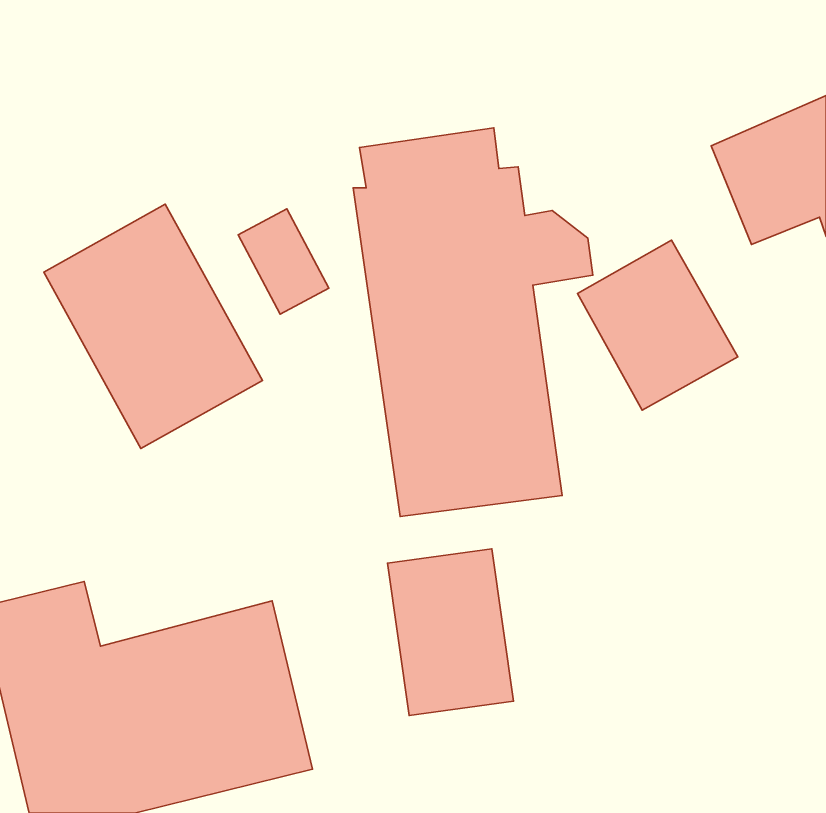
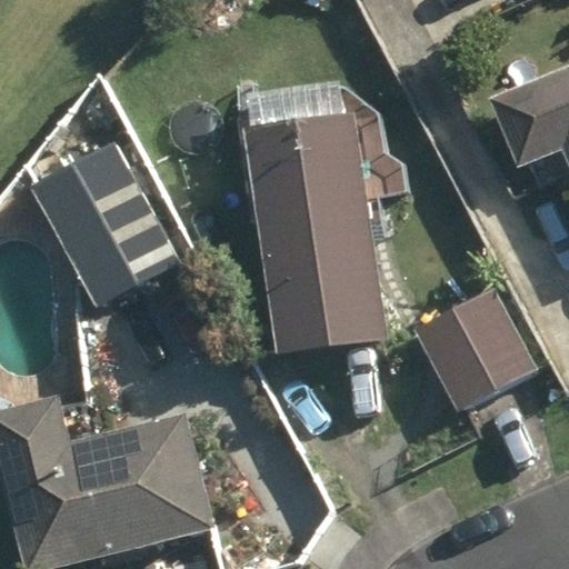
building: [577,240,738,410] -> [429,288,539,405]
building: [387,549,514,715] -> none

